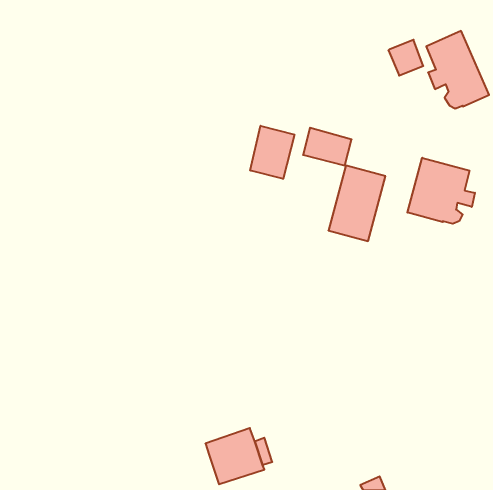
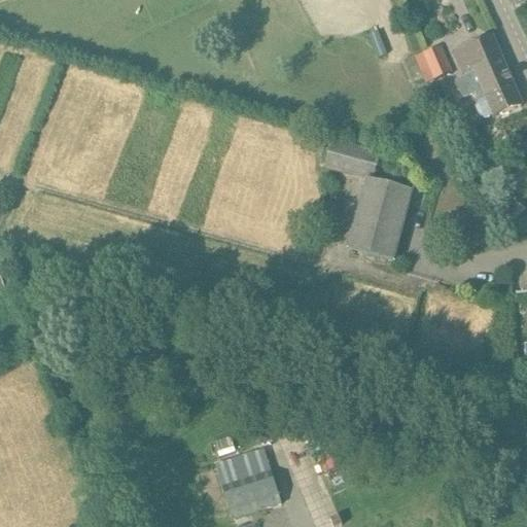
building: [250,126,294,179] -> none
building: [407,158,475,224] -> none

